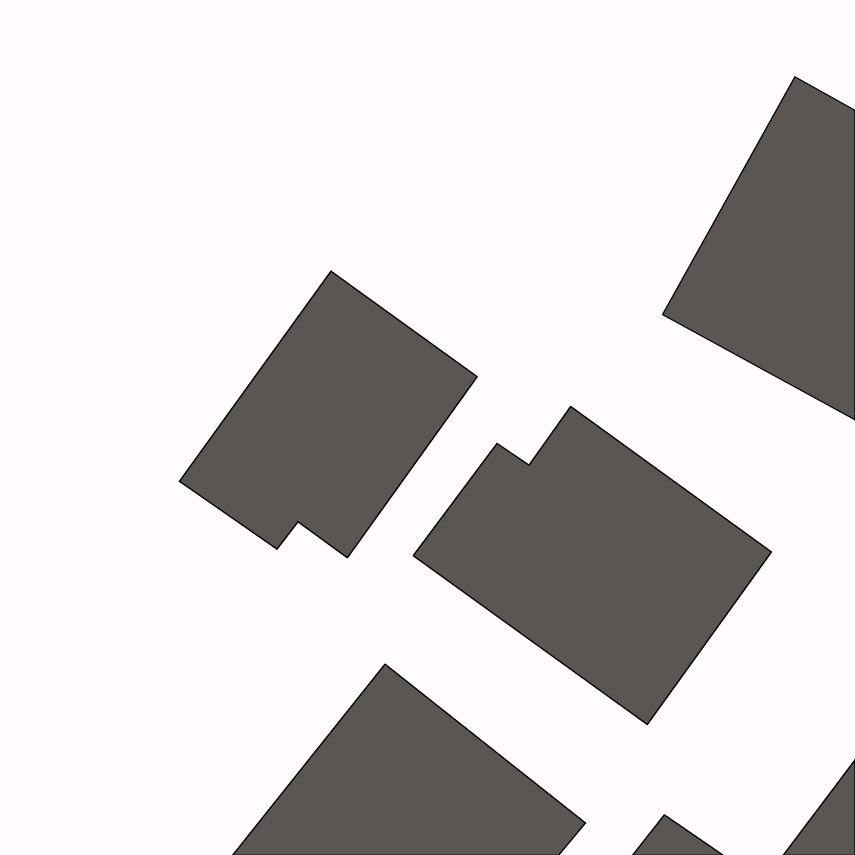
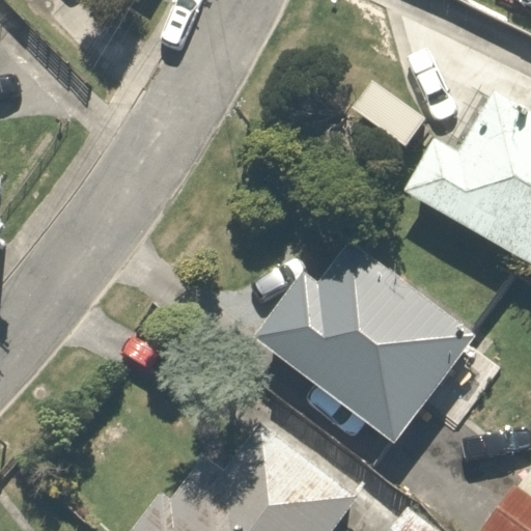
building: [179,271,477,558] -> none

